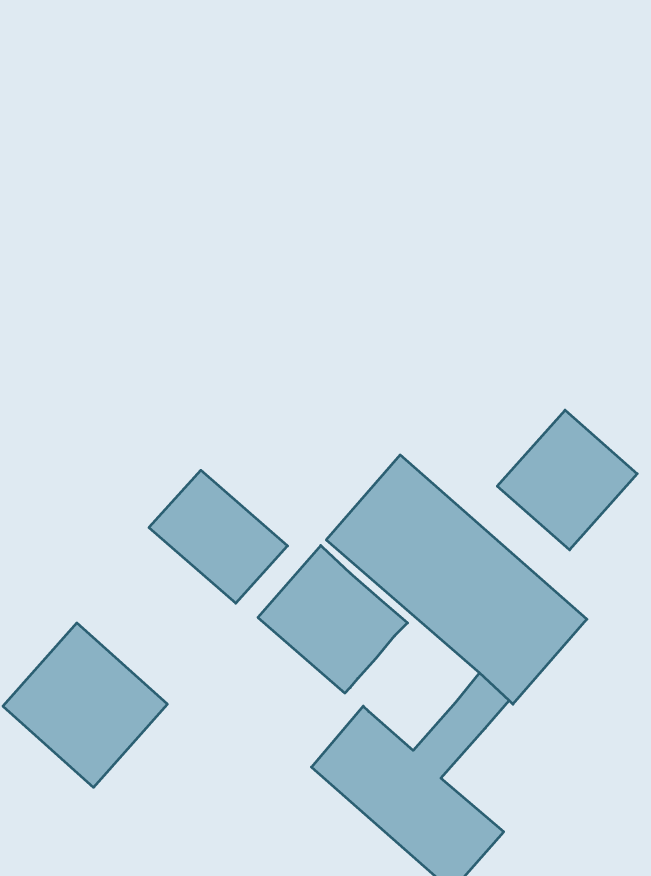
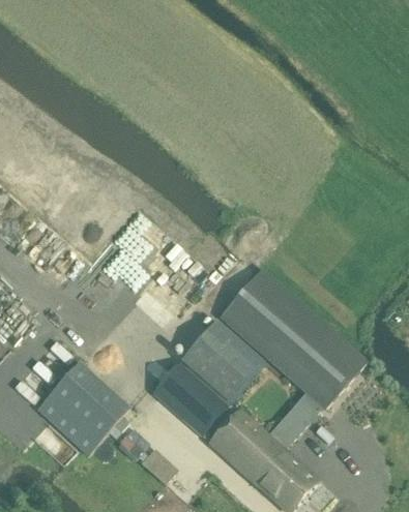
building: [497,410,637,550] -> none
building: [149,470,288,603] -> [152,360,230,434]

